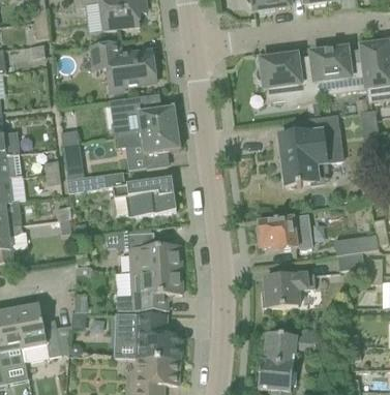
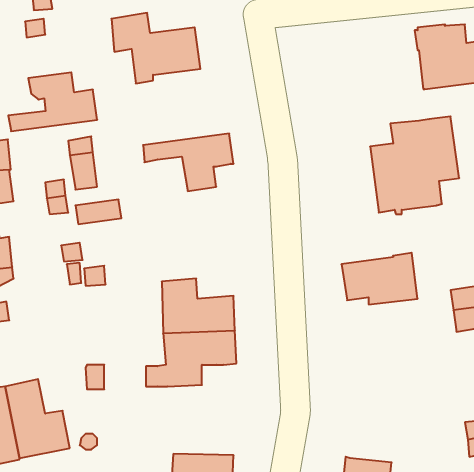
building: [253,54,318,103] -> none
building: [112,92,176,134] -> [8,72,97,131]
building: [112,176,175,215] -> none
building: [264,272,314,306] -> none
building: [113,312,180,358] -> none
building: [263,329,316,363] -> none

